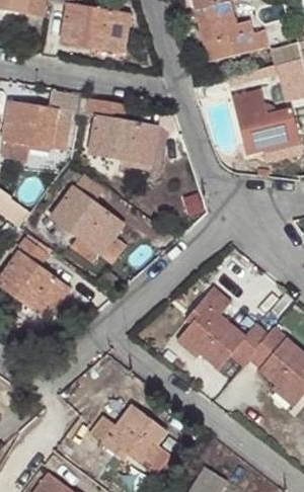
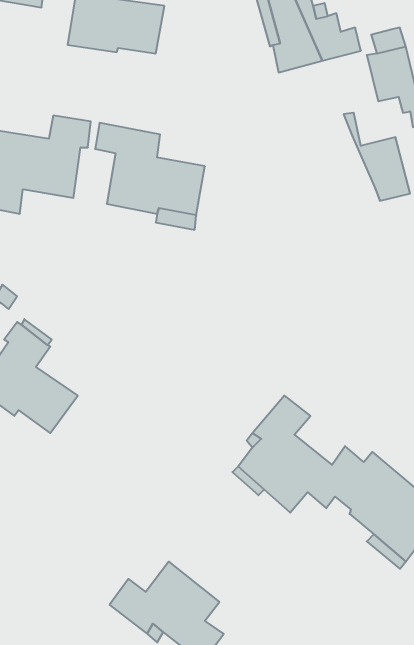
building: [231,90,280,156] -> none
building: [50,167,125,263] -> none

